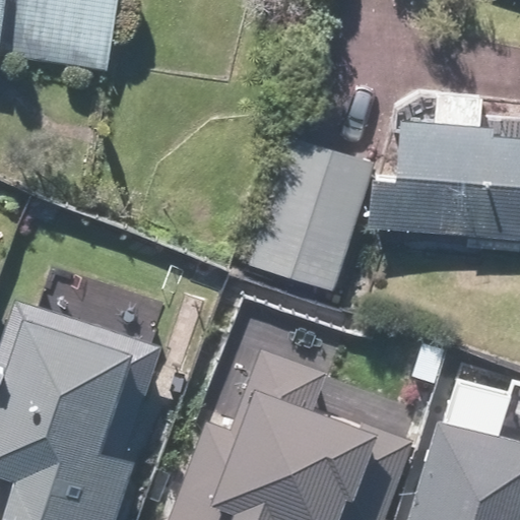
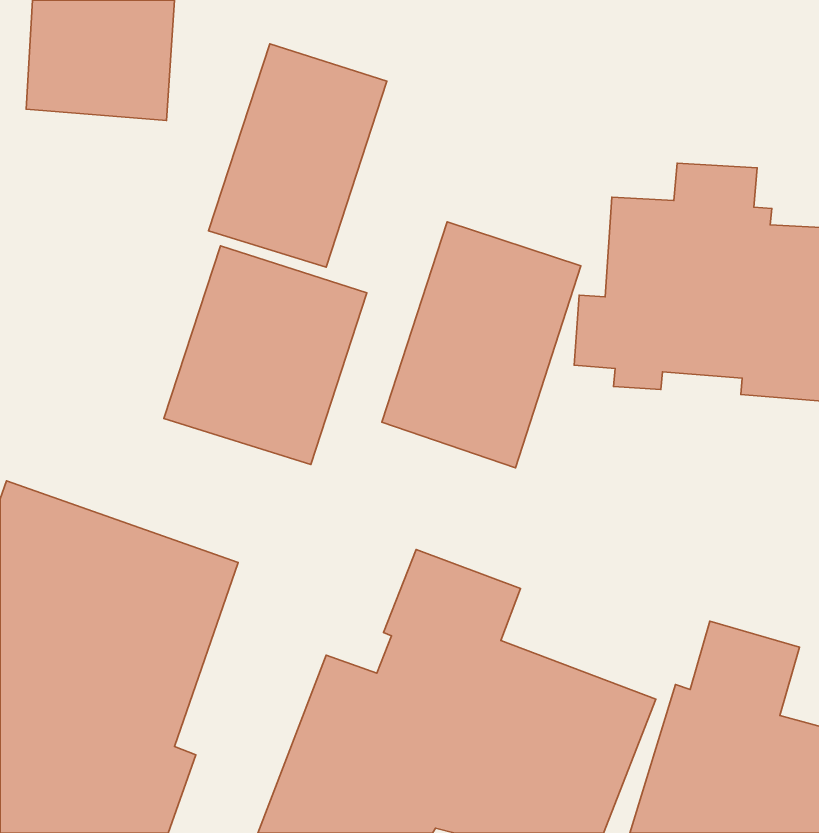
building: none -> [209,44,387,267]
building: none -> [164,246,367,464]

